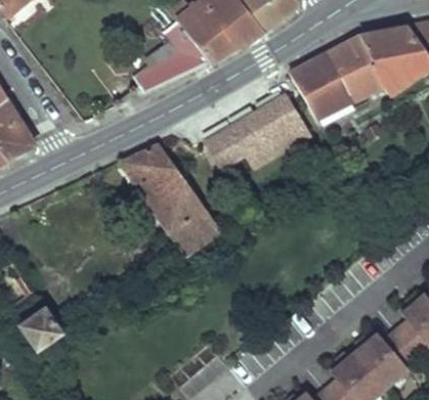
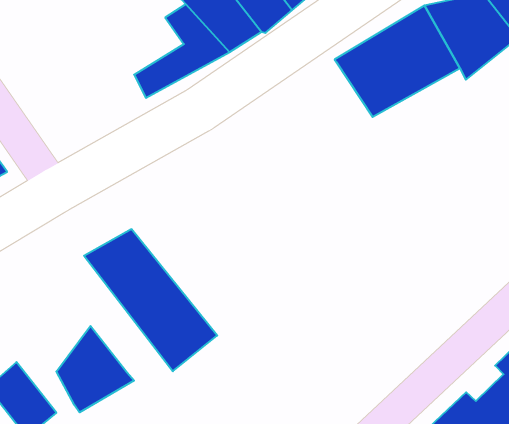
building: [207,94,303,167] -> none
building: [121,143,220,255] -> [84,229,217,371]
building: none -> [56,326,134,412]

